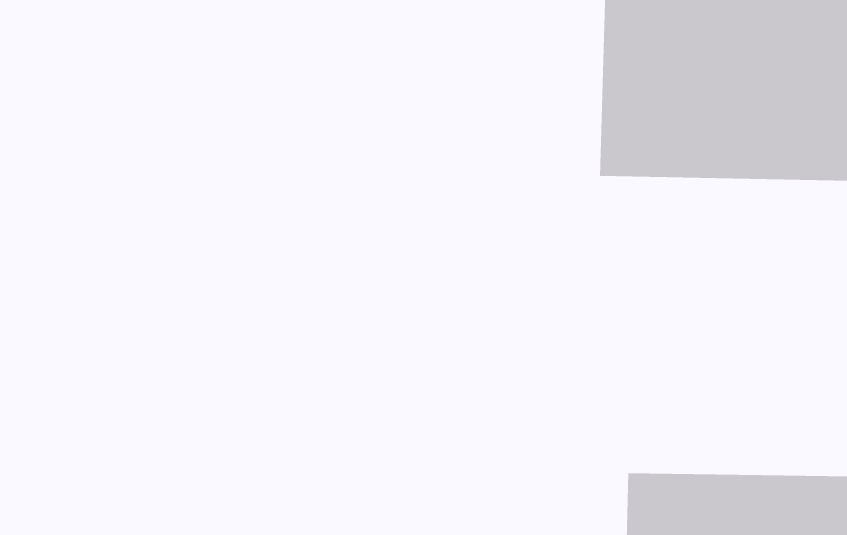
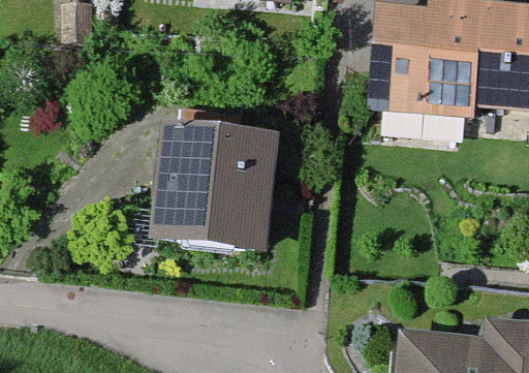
building: none -> [153,126,276,243]

